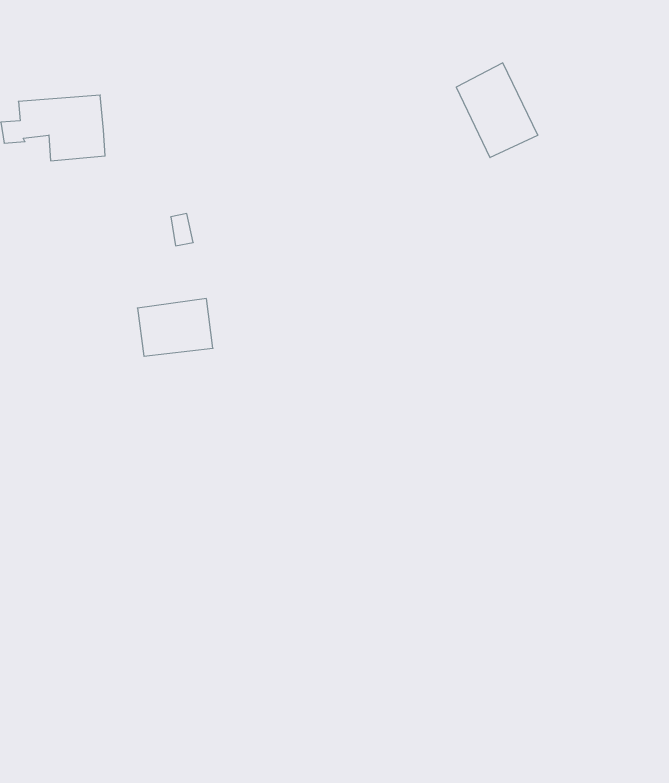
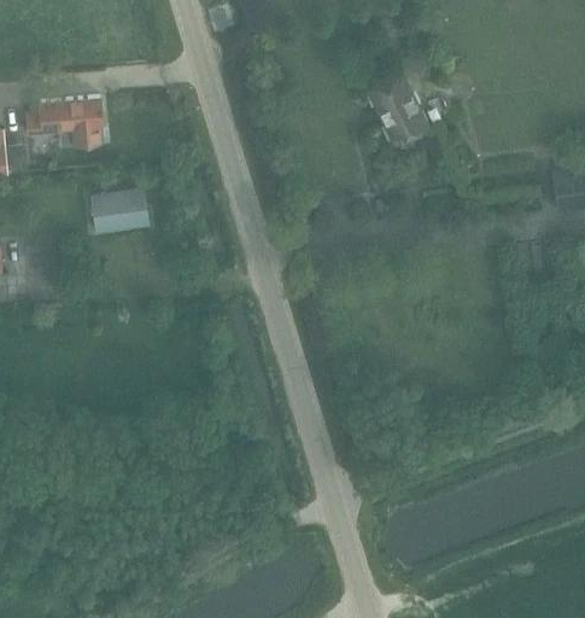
building: [137,299,213,356] -> [90,190,147,233]

